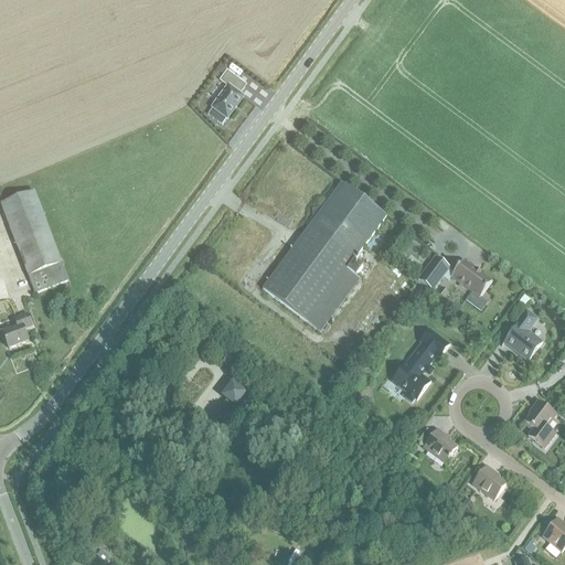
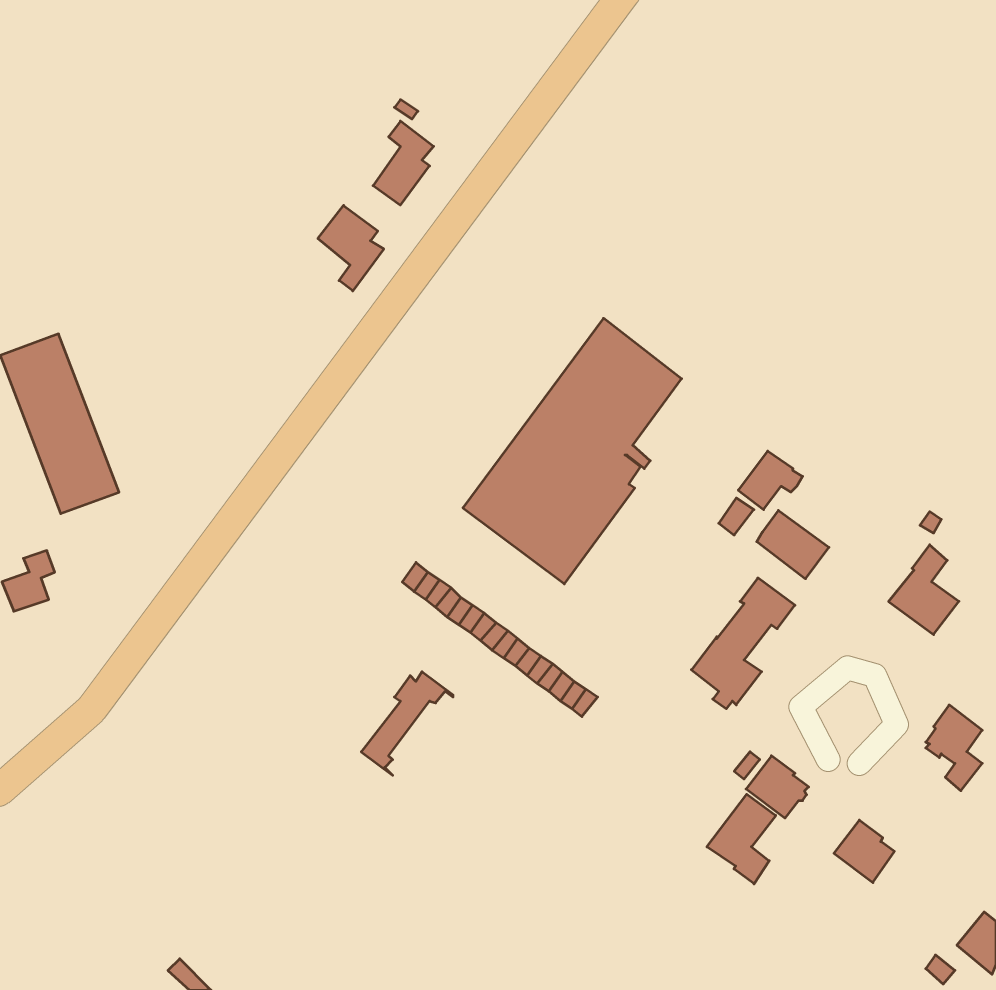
building: none -> [318,205,384,291]
building: [450,257,491,296] -> [757,510,829,579]
building: none -> [707,794,776,884]

